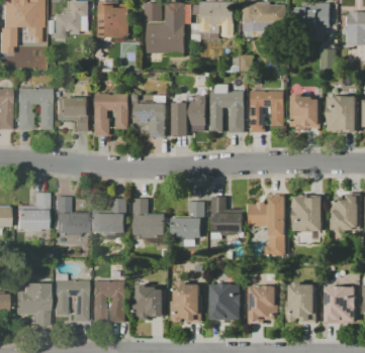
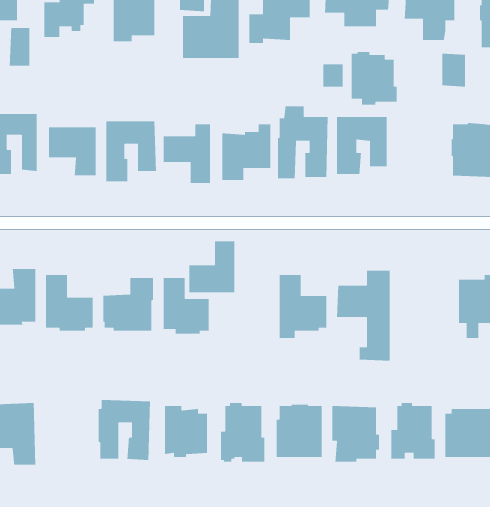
building: [290,95,322,131] -> [351,51,397,105]
building: [293,195,324,232] -> none
building: [173,202,204,237] -> [188,240,235,293]
building: [53,280,87,321] -> none

